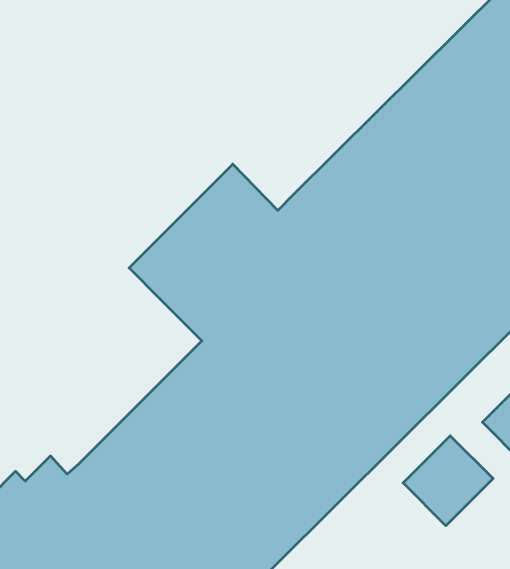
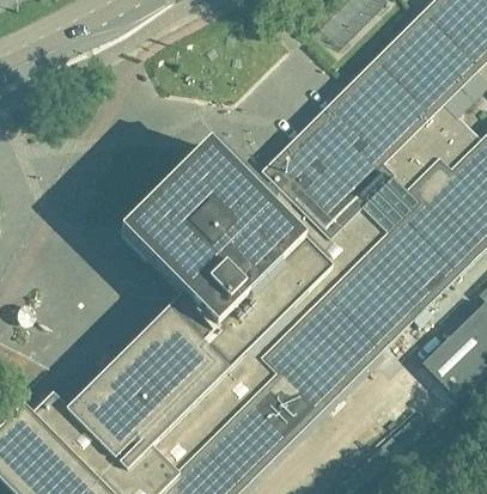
building: [403,436,493,526] -> none

